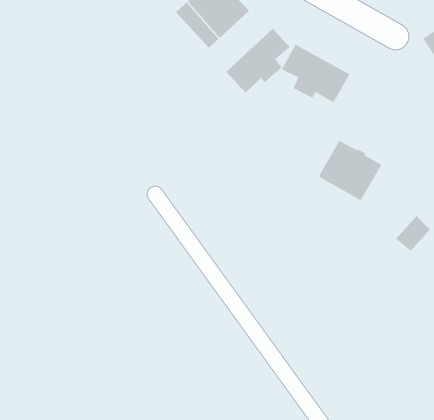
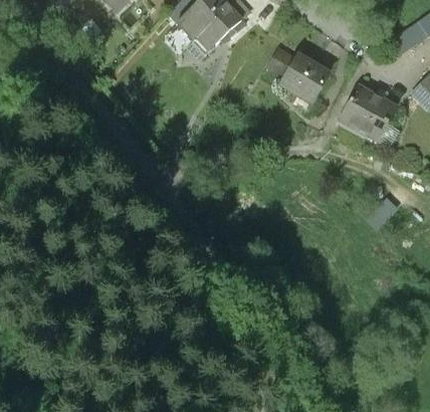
building: [225,28,290,93] -> none
building: [318,140,382,201] -> [339,87,394,140]

